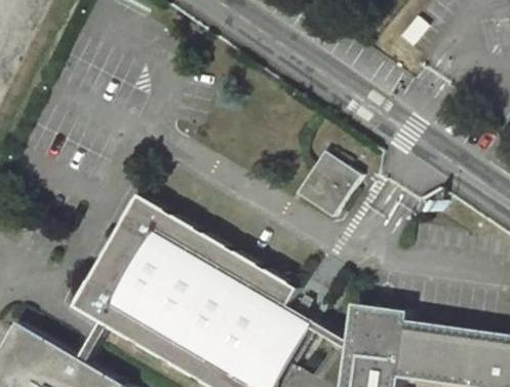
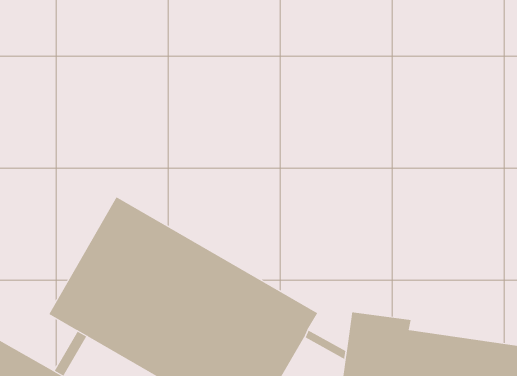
building: [292,150,355,216] -> none

